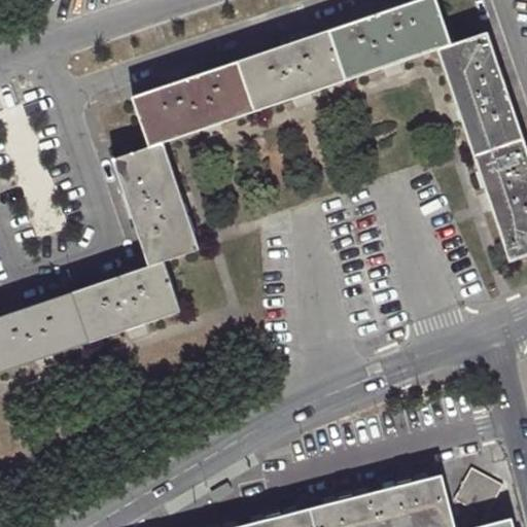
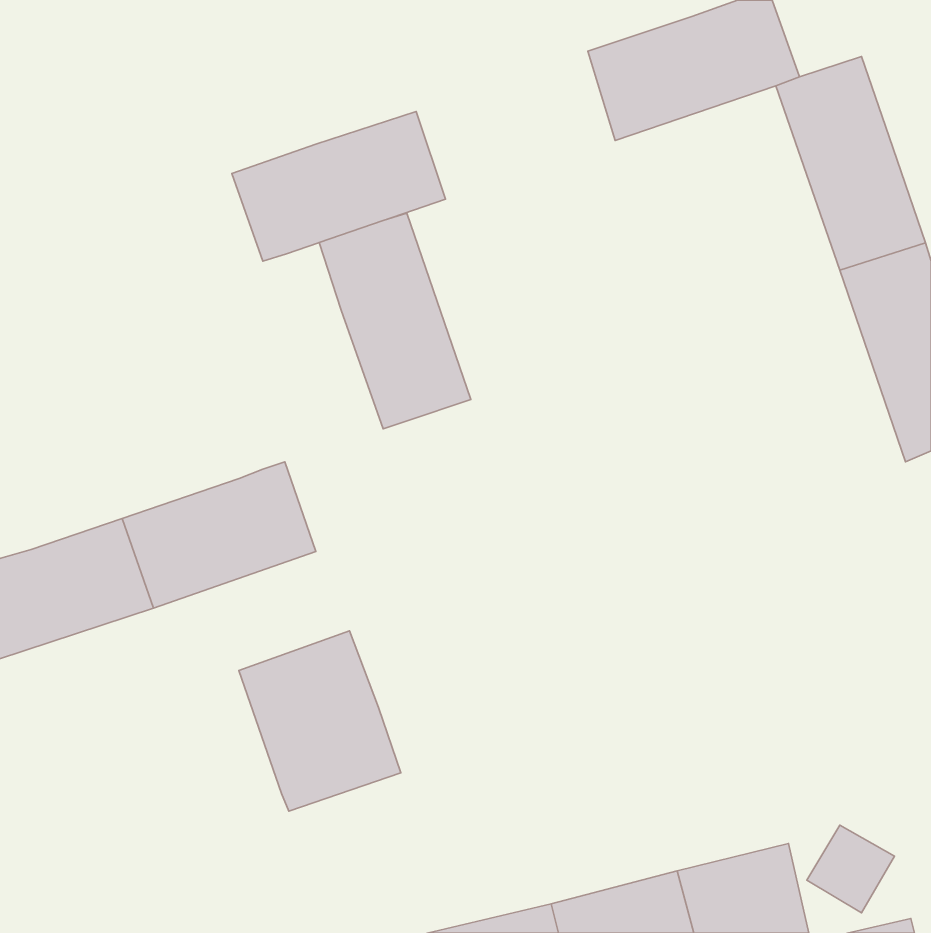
building: [235,29,347,112] -> none
building: [112,143,198,265] -> [319,213,471,429]
building: none -> [239,631,401,811]

